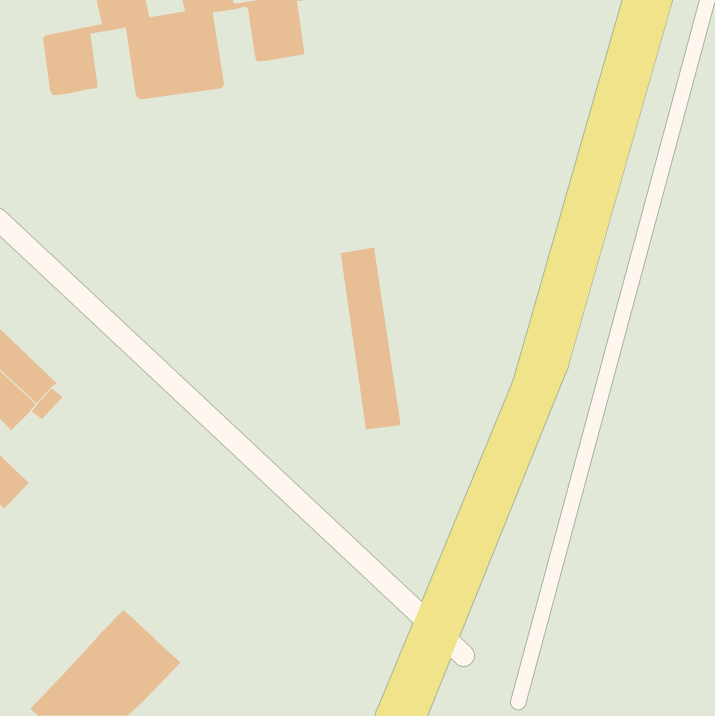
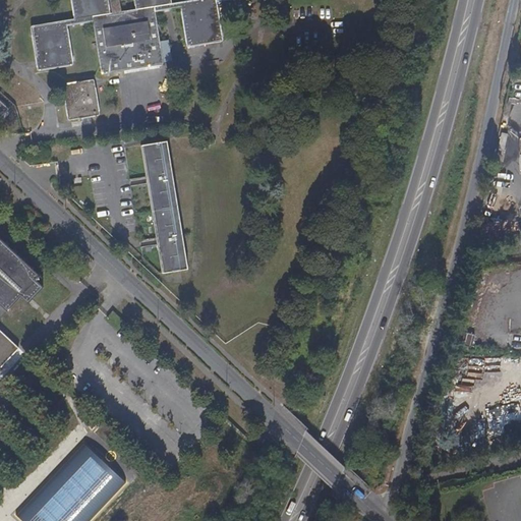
building: none -> [61,79,99,118]
building: [340,247,402,430] -> [141,140,186,273]

